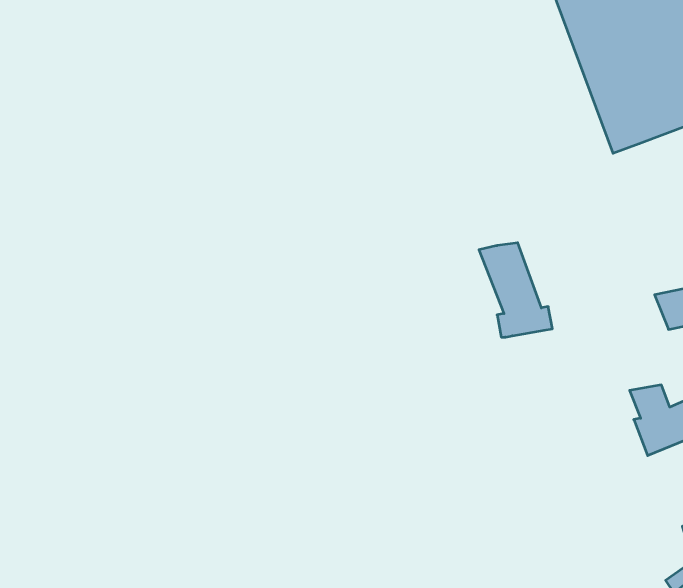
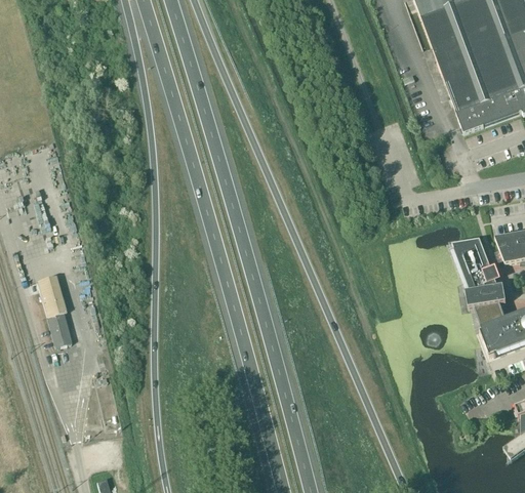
building: [479,243,552,337] -> [451,238,506,307]
building: none -> [36,274,71,345]

